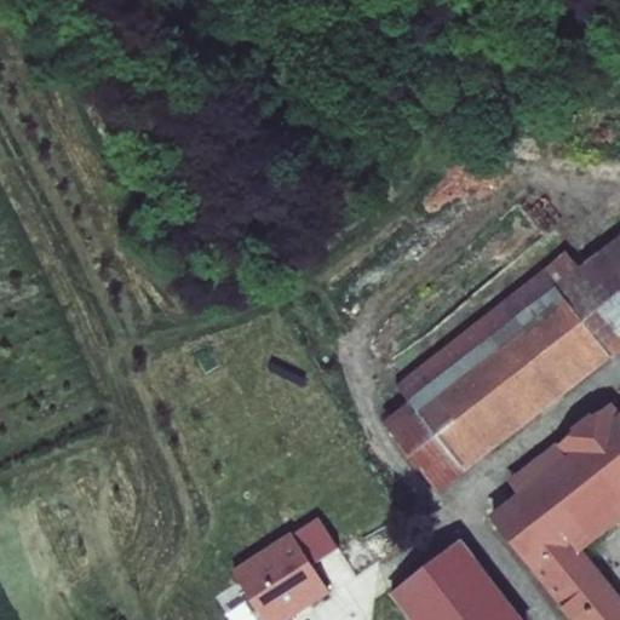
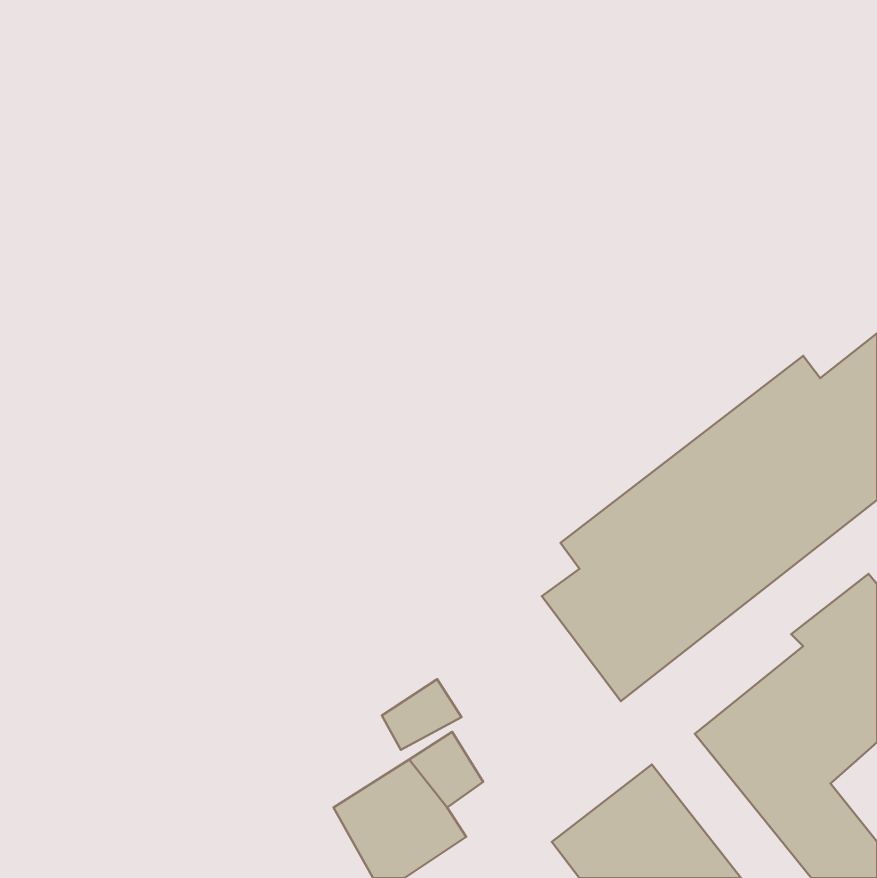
building: none -> [382,679,462,750]

